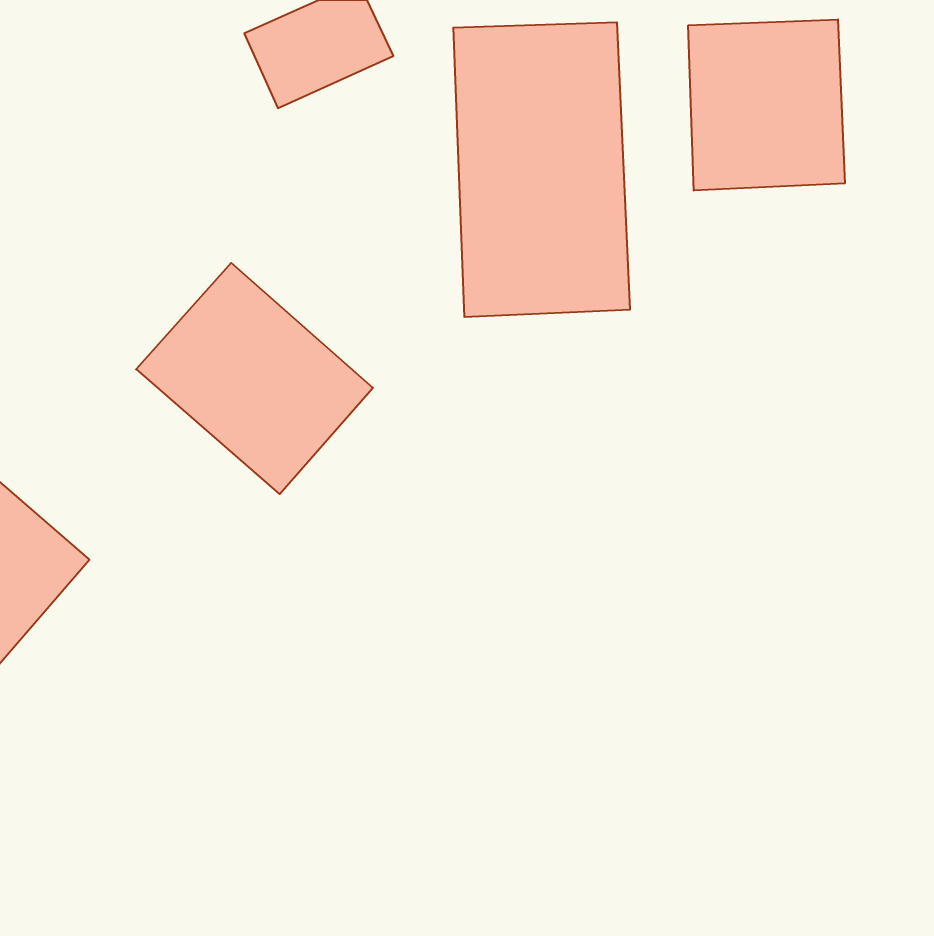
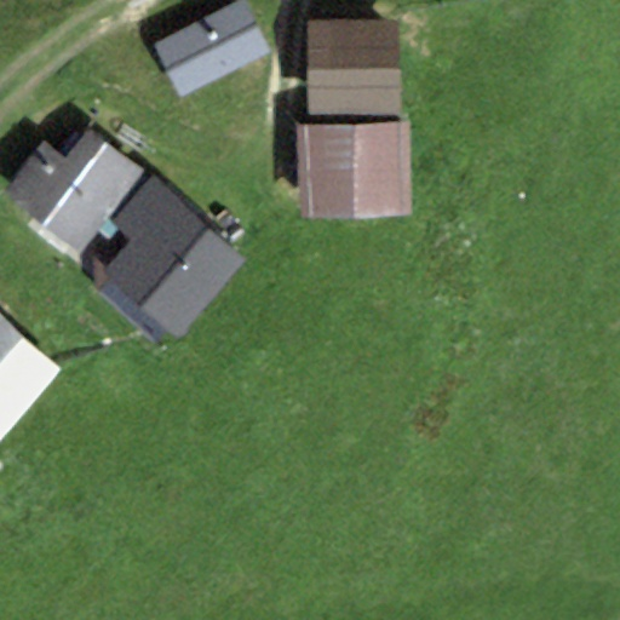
building: [688,19,845,191] -> none
building: none -> [10,116,142,248]

